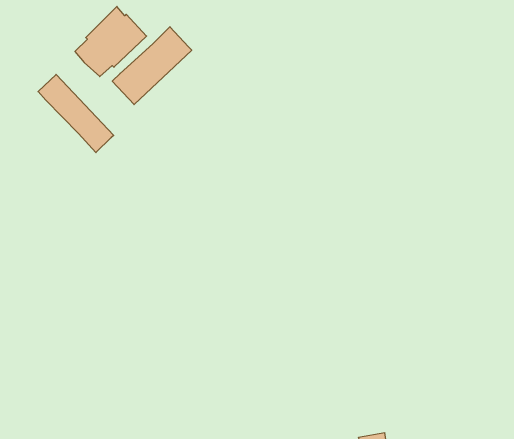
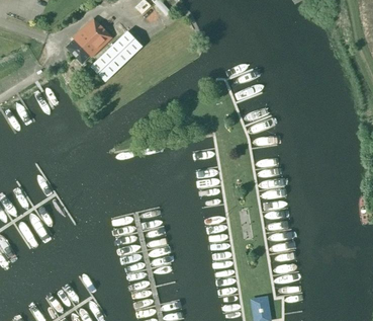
building: [38,74,114,153] -> none

